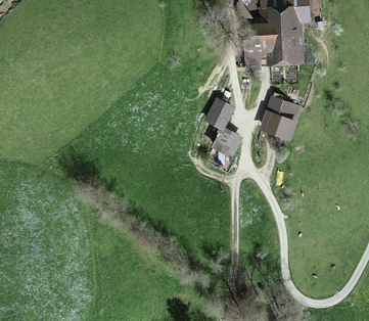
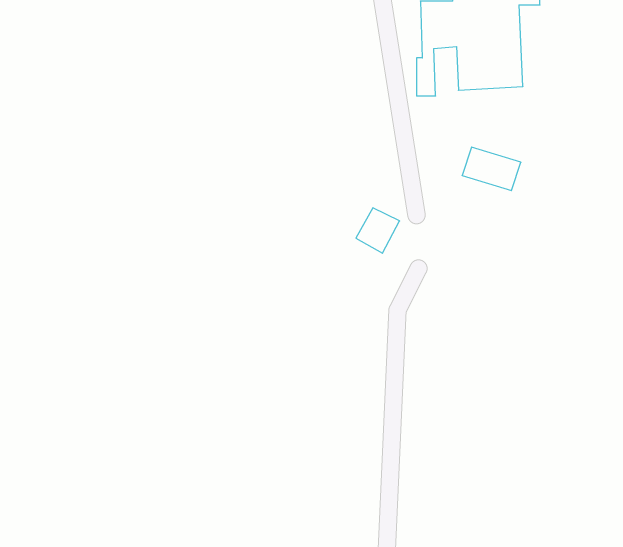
building: [205,99,231,127] -> none
building: [264,111,295,138] -> none

